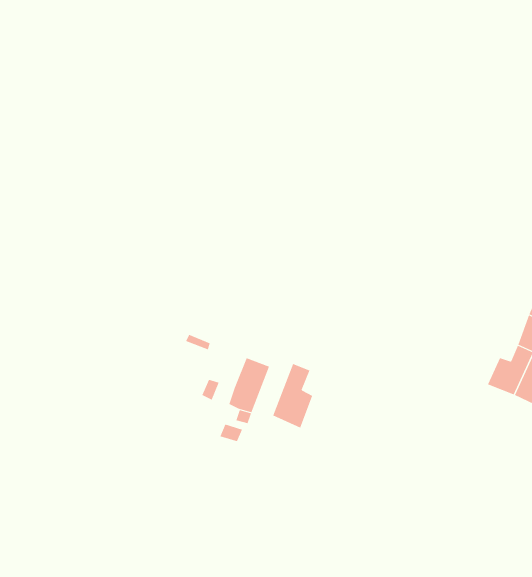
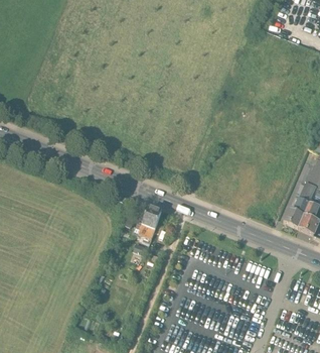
building: [272,363,313,429] -> none

